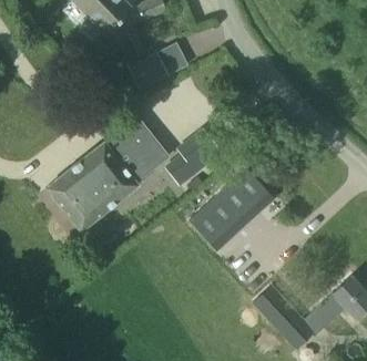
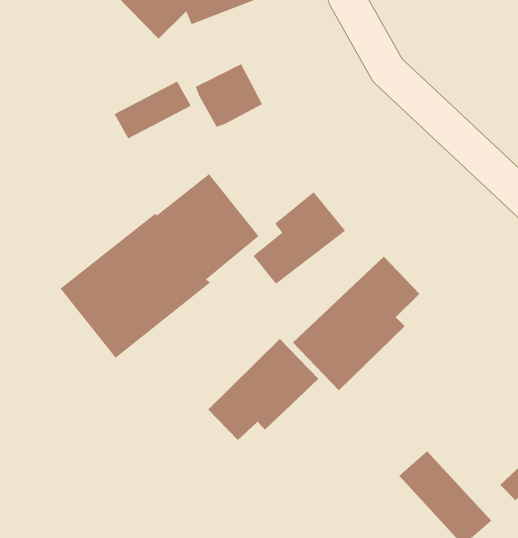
building: none -> [114,80,192,139]
building: none -> [208,338,319,441]

